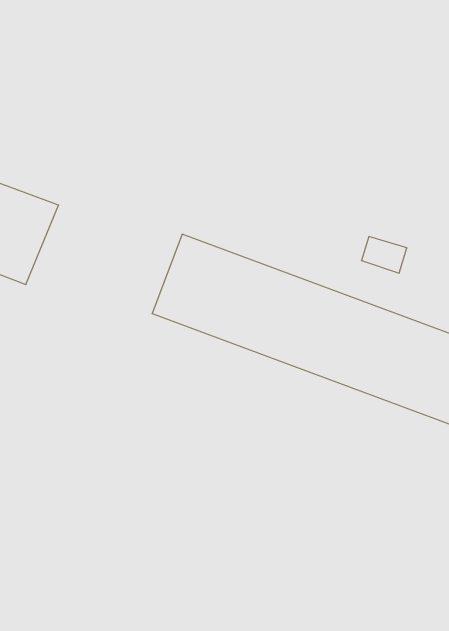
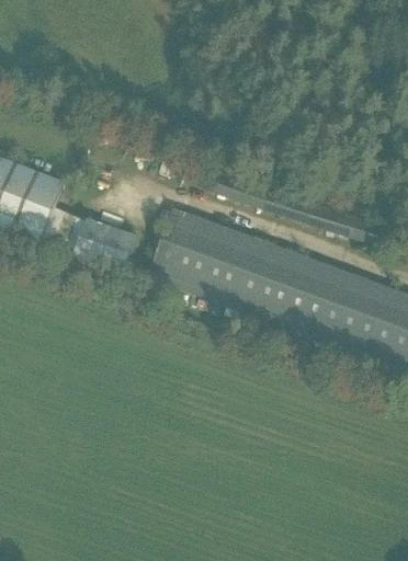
building: none -> [70,216,139,276]

